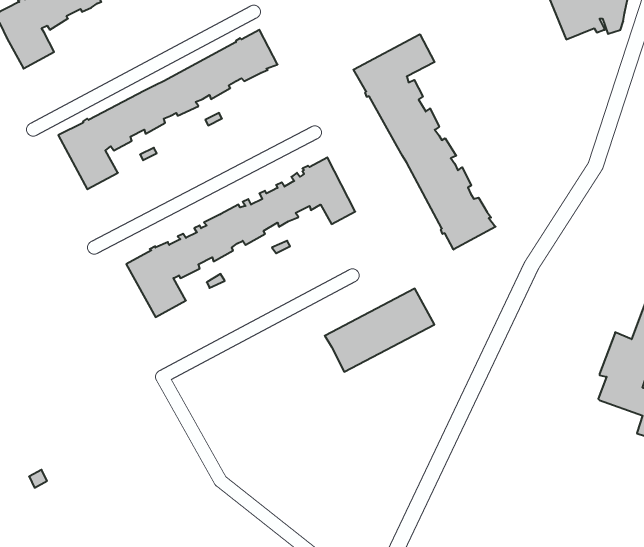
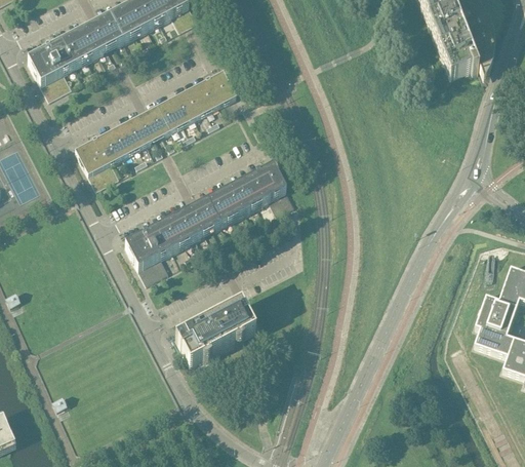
building: [353,34,496,250] -> none
building: [325,289,434,372] -> [176,302,257,363]

